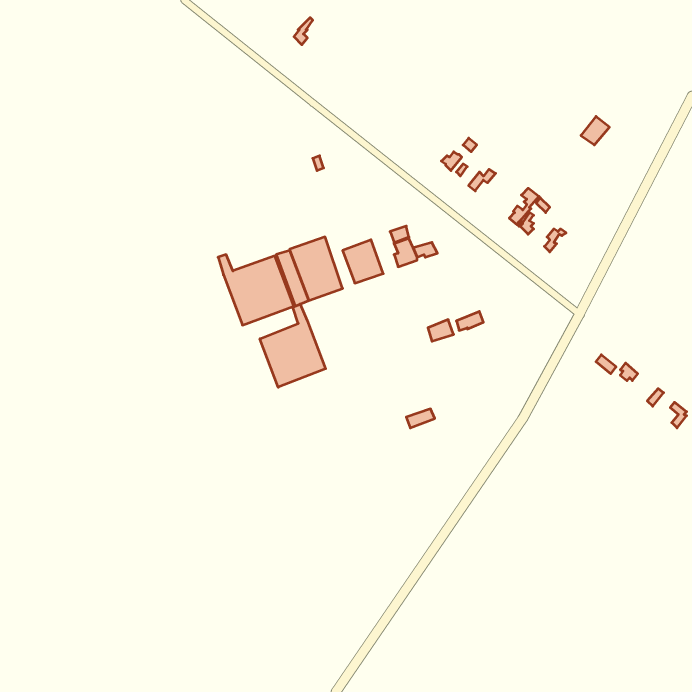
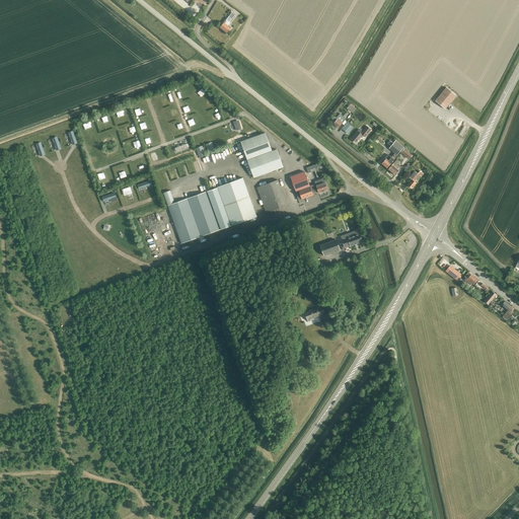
building: none -> [241,133,282,177]
building: [260,304,326,387] -> none

